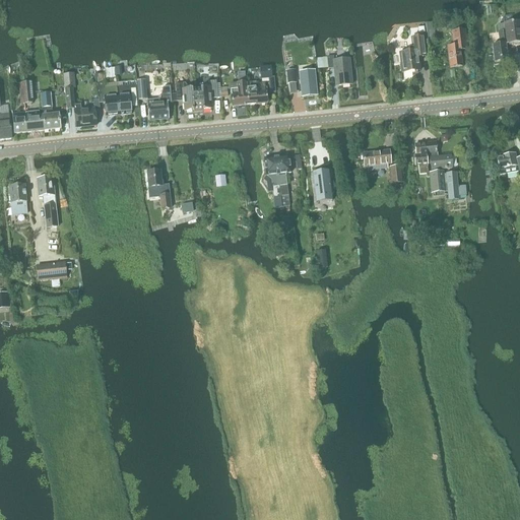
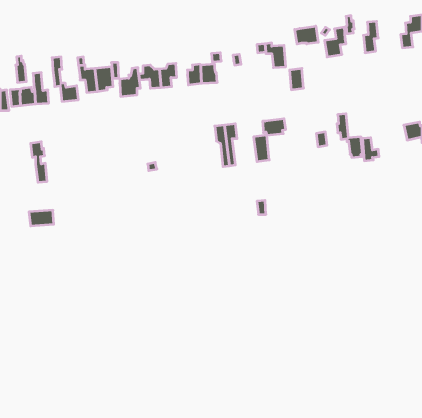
building: none -> [295,26,318,44]
building: [300,68,317,94] -> [290,68,304,90]
building: [426,139,452,168] -> none
building: [363,147,391,168] -> [263,119,286,135]
building: [147,168,171,207] -> none
building: [9,182,27,211] -> none

